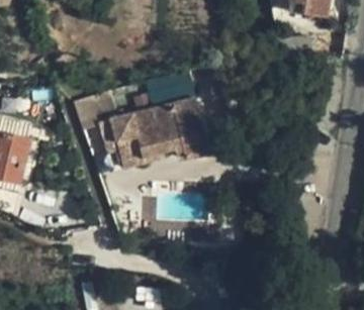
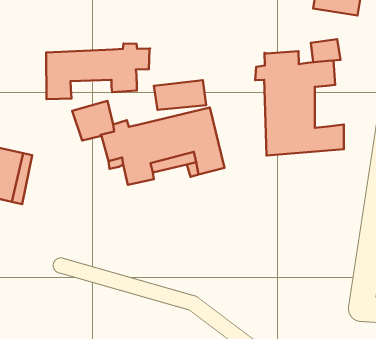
building: none -> [46,43,150,99]
building: none -> [255,51,344,156]

